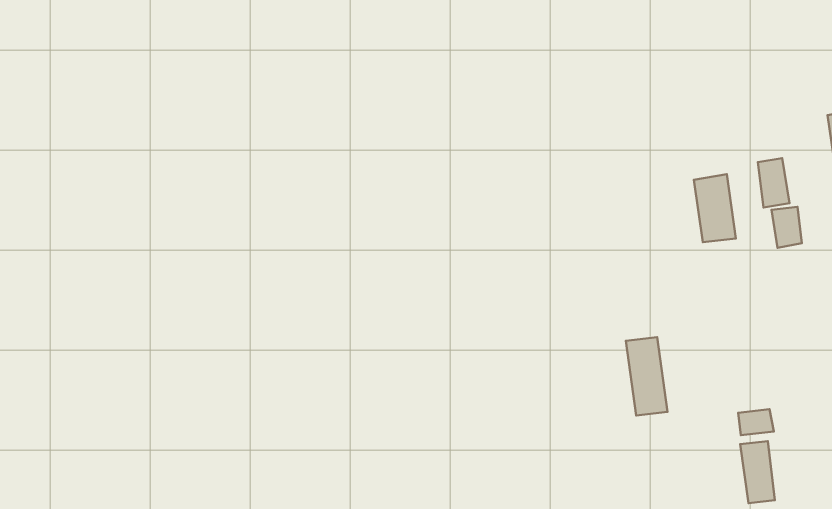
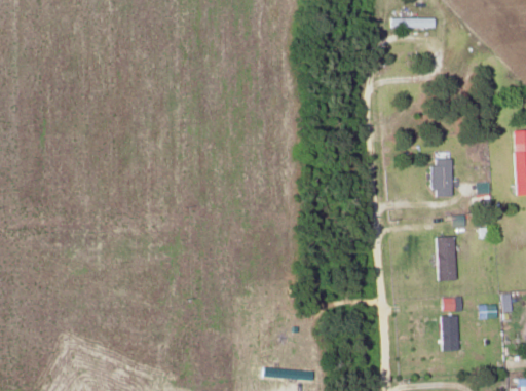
building: [758,158,790,207] -> none
building: [626,337,668,415] -> [437,236,456,280]

